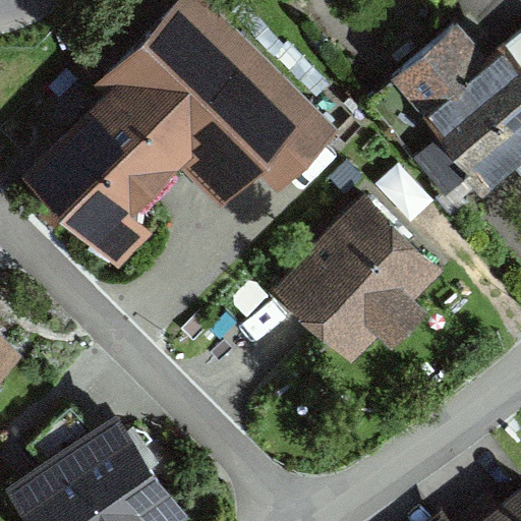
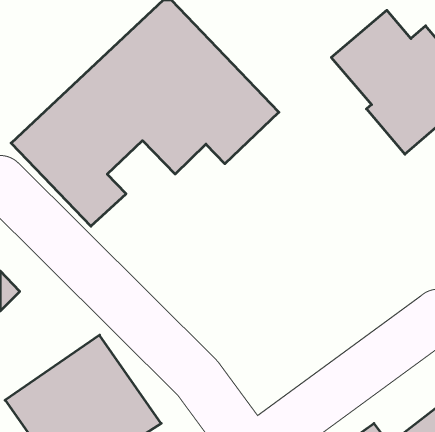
building: [273,197,440,362] -> none

